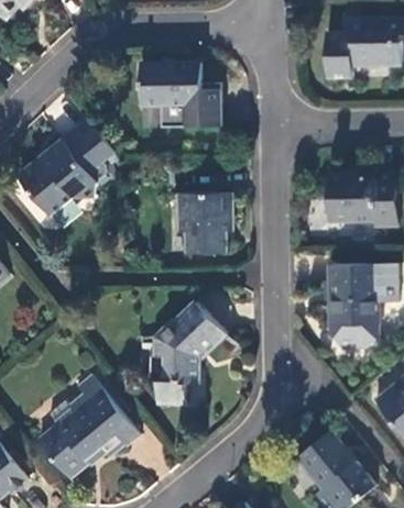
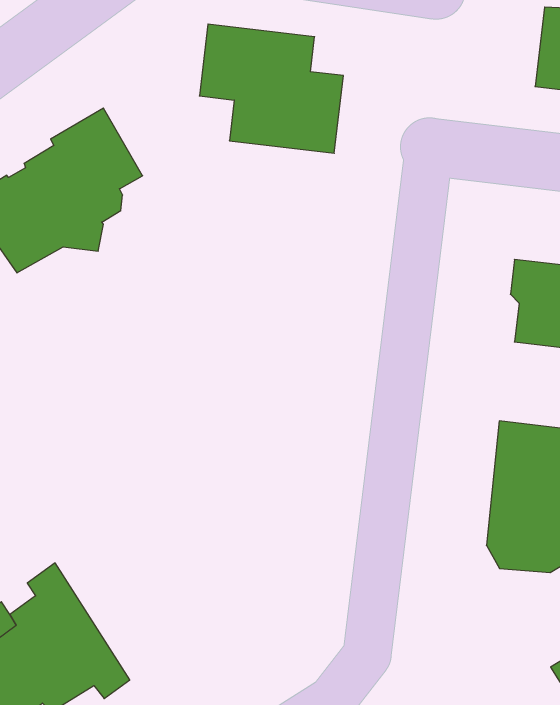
building: [178,195,233,253] -> none
building: [150,302,223,404] -> none

